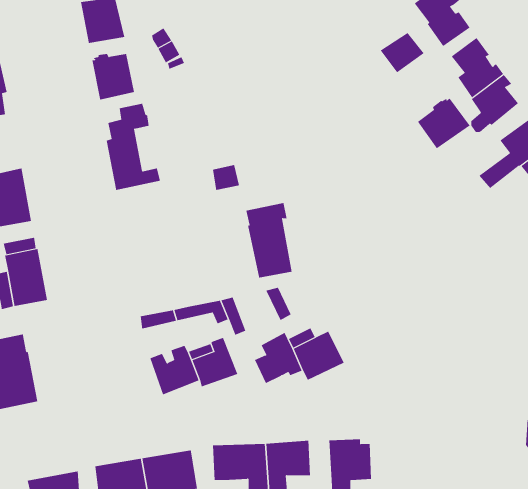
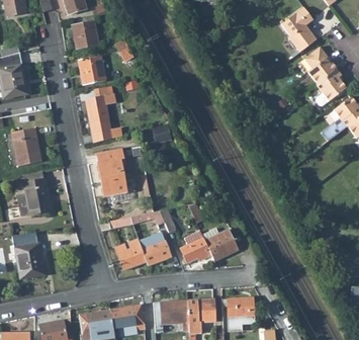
building: [380,32,425,73] -> none
building: [417,97,470,149] -> none
building: [246,203,292,278] -> [96,148,125,195]

